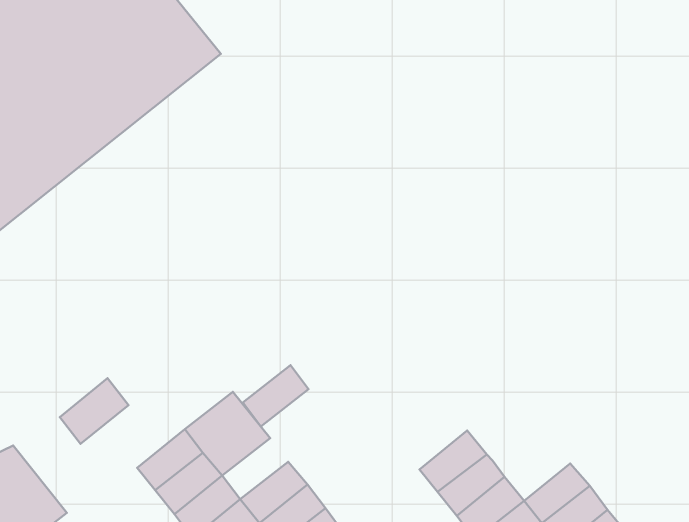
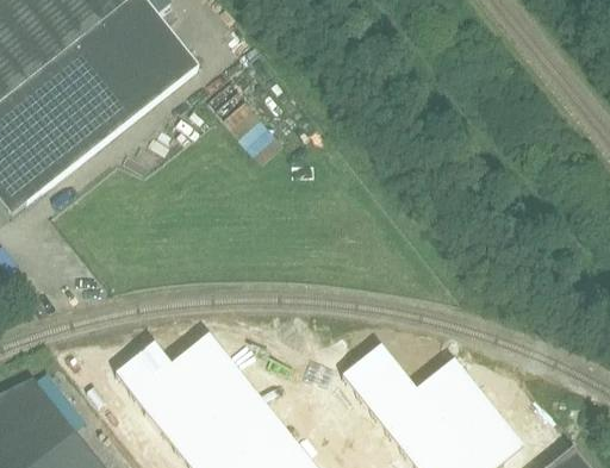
building: [243,365,309,426] -> [200,370,253,419]
building: [60,378,128,444] -> [116,342,170,394]
building: none -> [342,344,396,395]
building: none -> [416,358,478,420]

